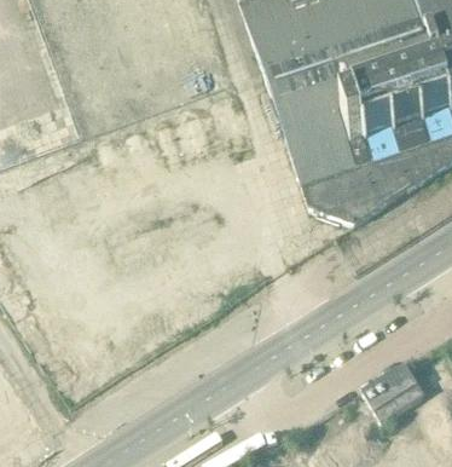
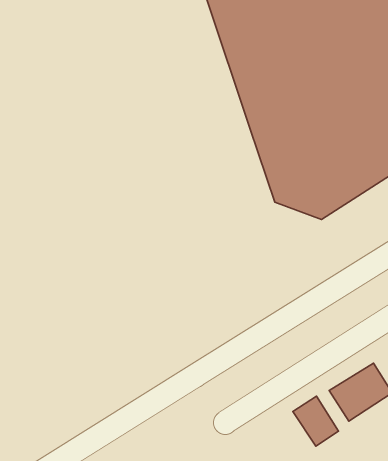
building: none -> [293,396,338,446]

